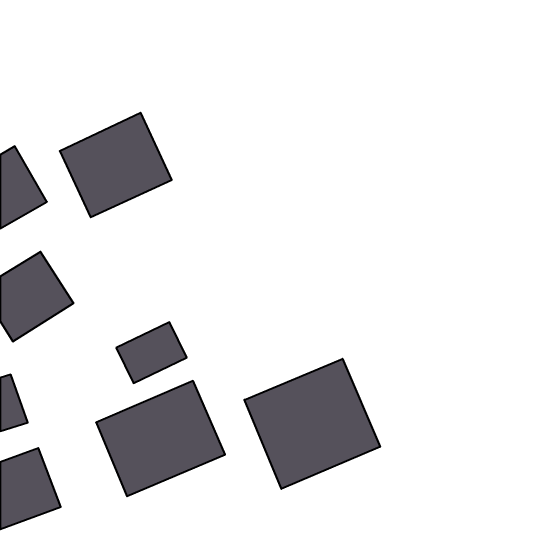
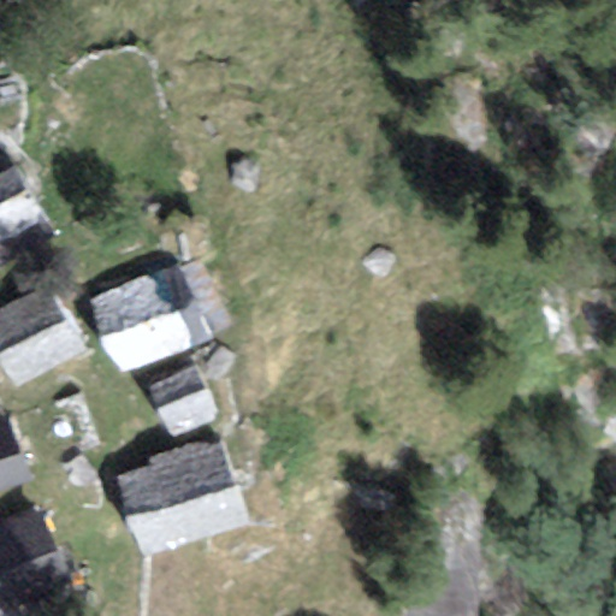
building: [60,113,172,217] -> [83,259,209,377]
building: [244,359,380,489] -> none

